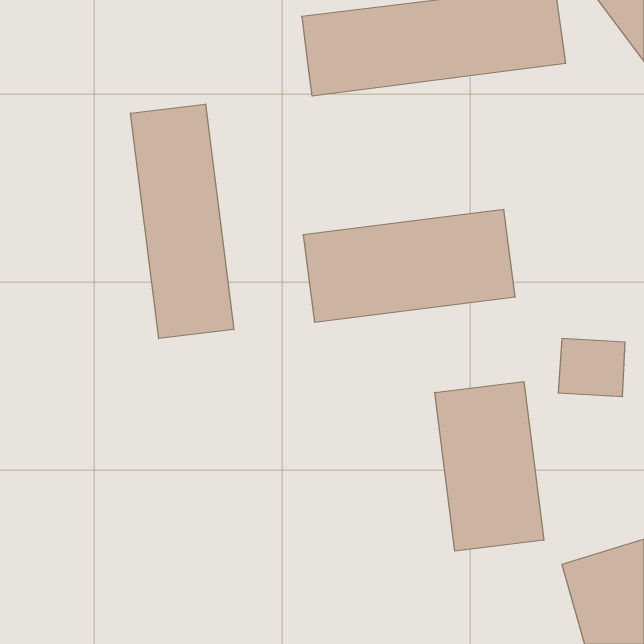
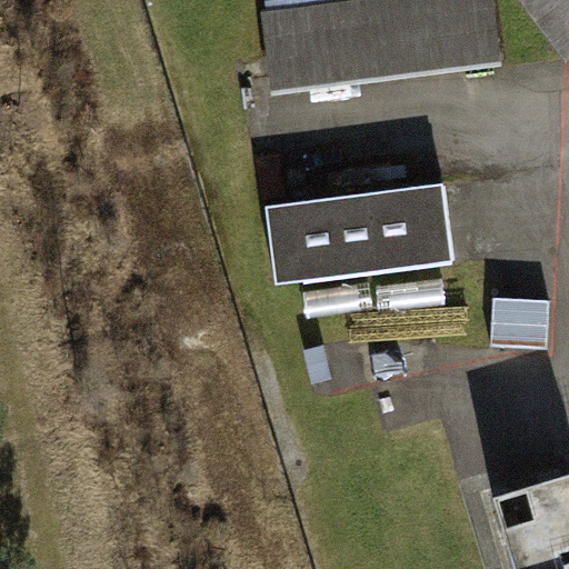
building: [130,104,234,339] -> none
building: [435,382,544,551] -> none

